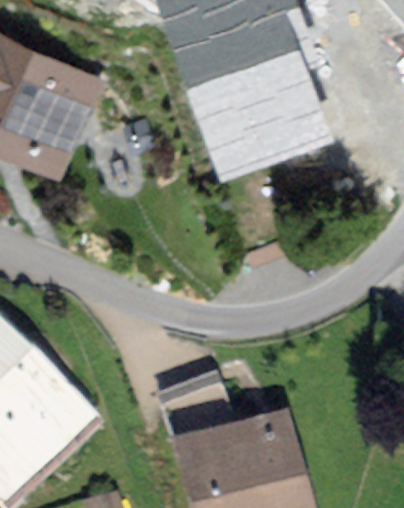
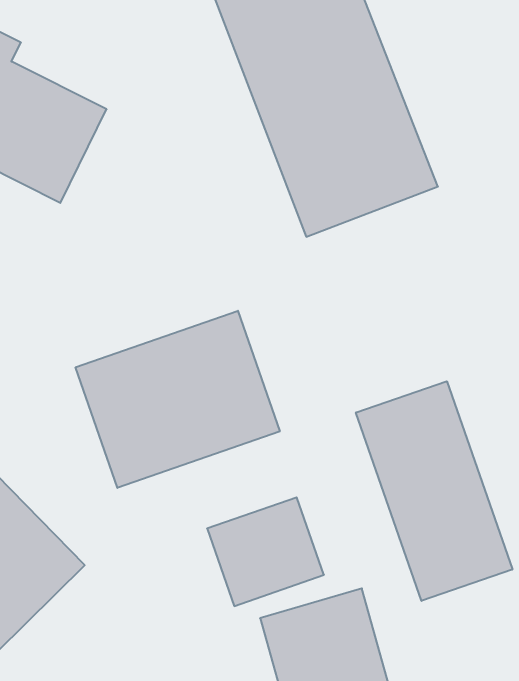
building: none -> [76,311,280,488]
building: none -> [356,381,512,601]

